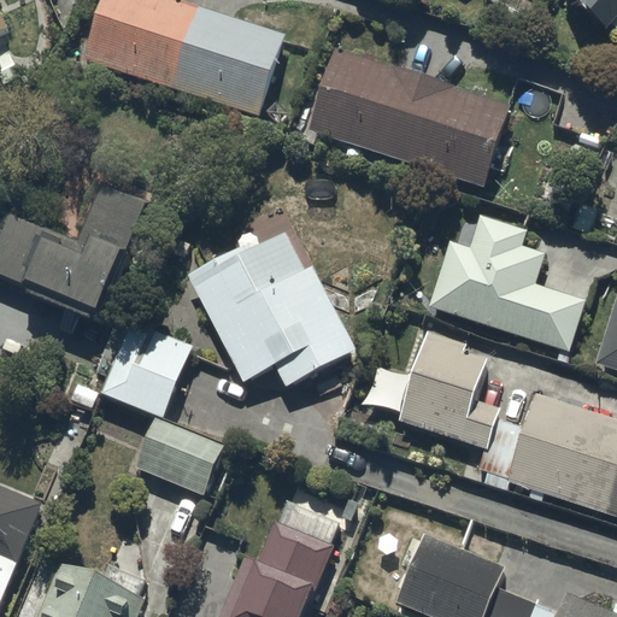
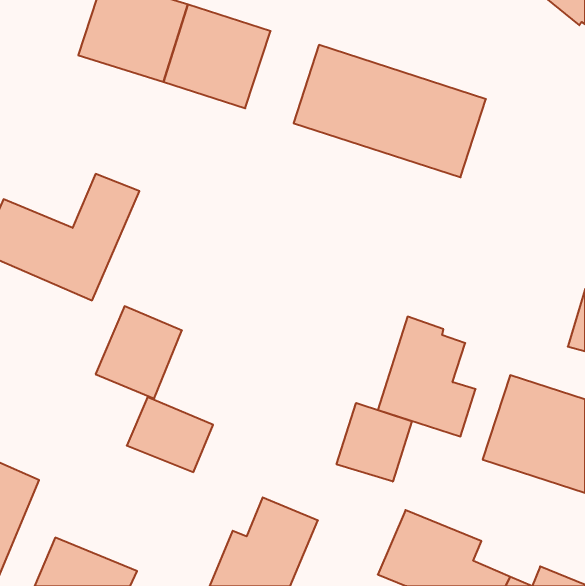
building: [428,215,583,349] -> none
building: [187,231,354,384] -> none
building: none -> [337,403,412,482]

